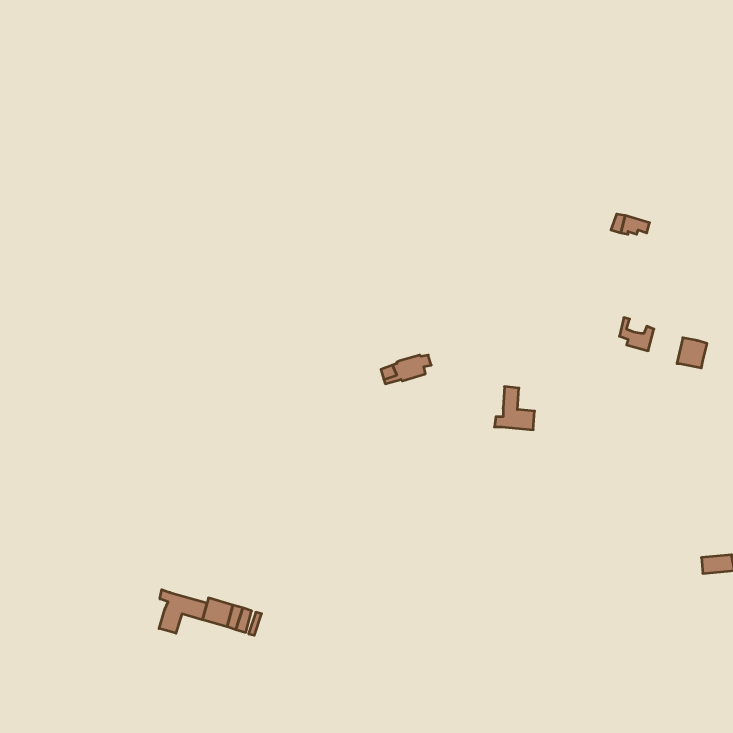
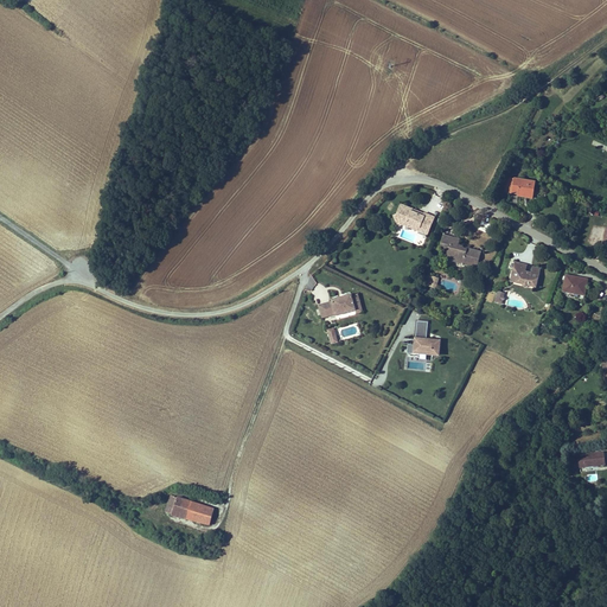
building: none -> [392,202,433,232]
building: none -> [439,232,479,266]
building: [159,590,207,633] -> none

